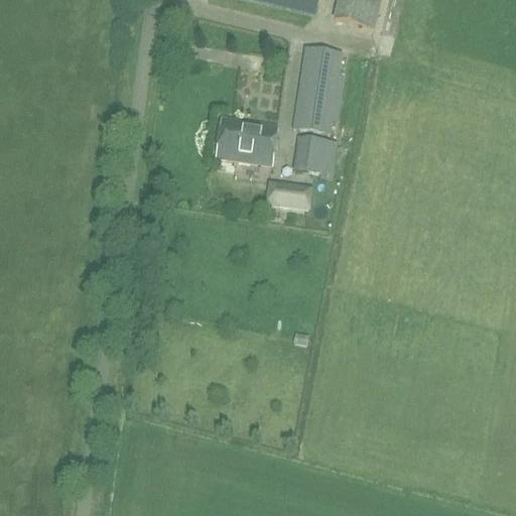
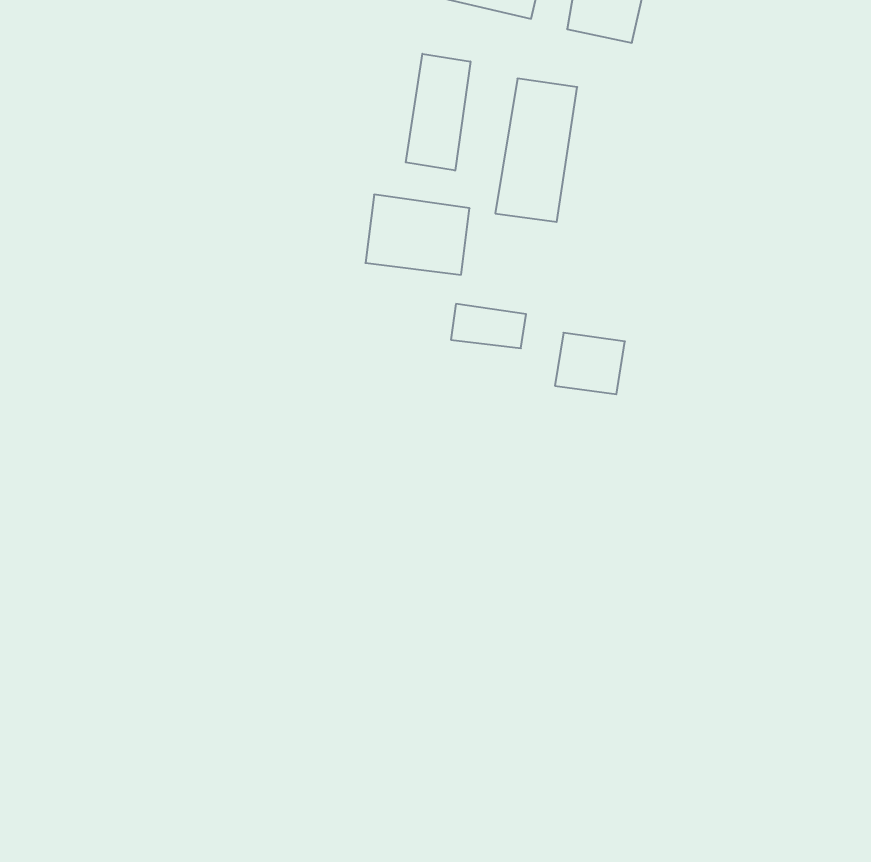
building: none -> [406,54,470,171]
building: [294,135,336,171] -> [555,333,625,394]

